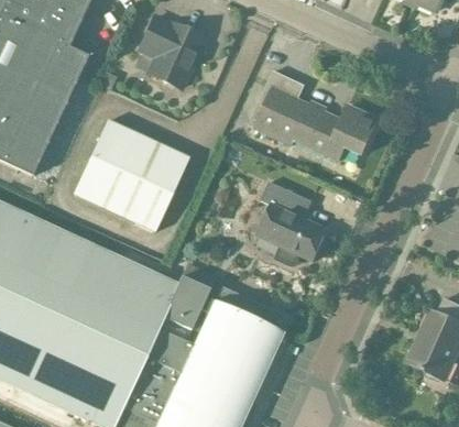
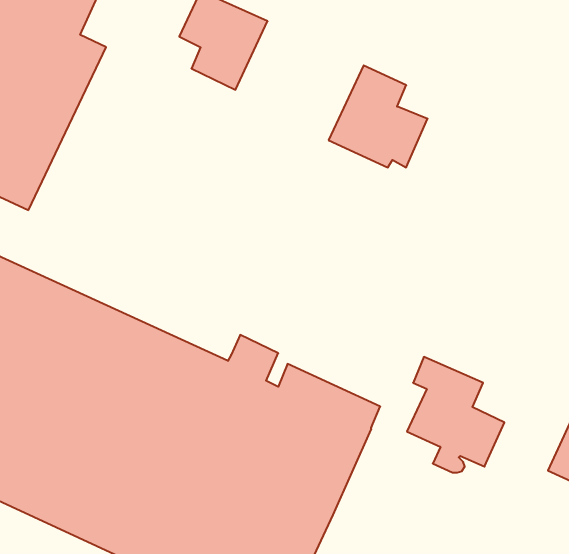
building: [305,103,379,158] -> none
building: [73,119,189,231] -> none
building: [258,182,328,265] -> [407,357,504,473]

